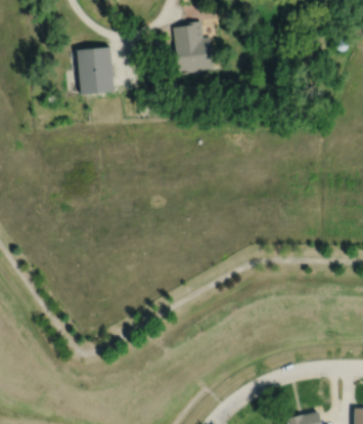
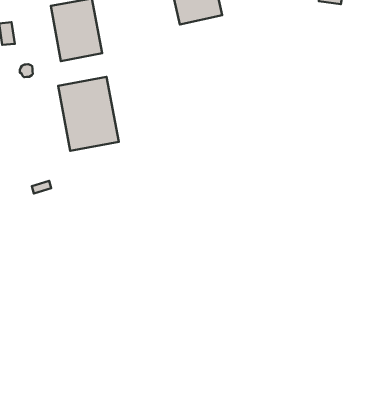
building: none -> [58,77,119,151]

